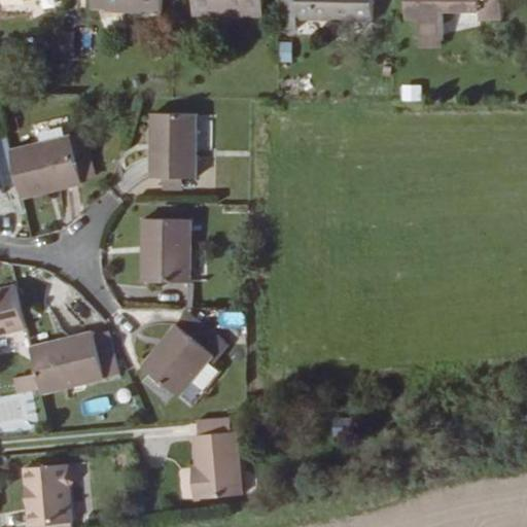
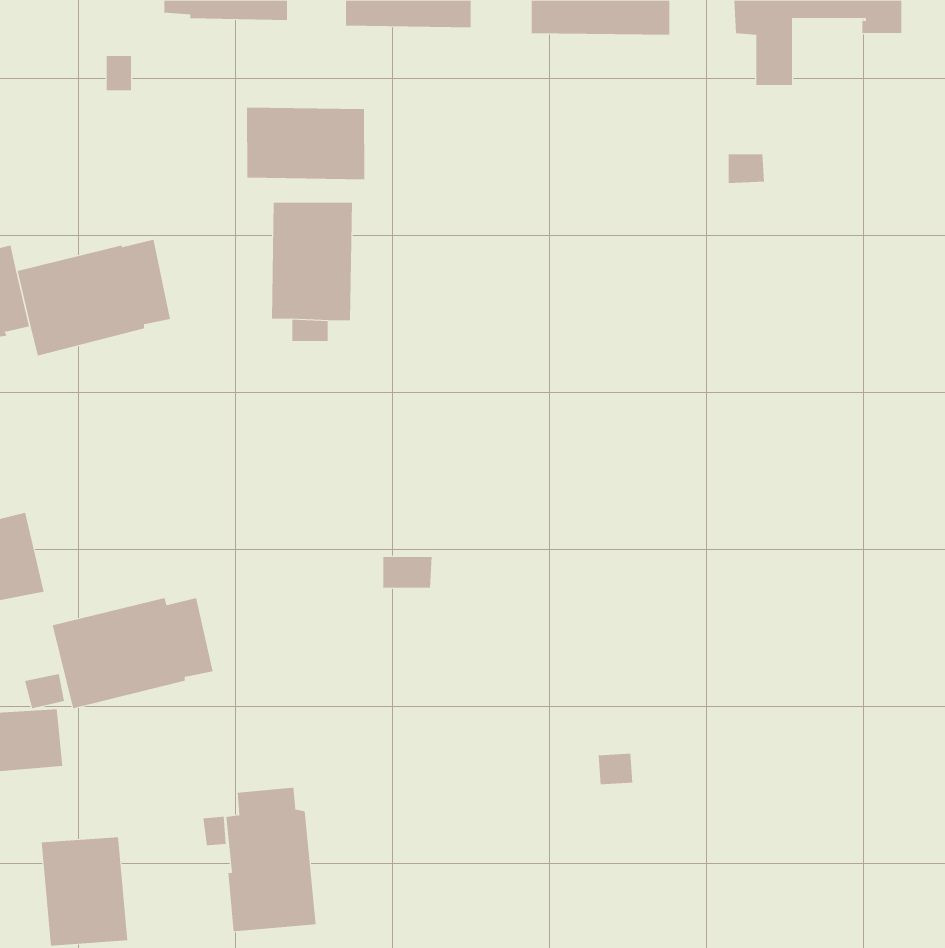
building: none -> [246,107,365,180]
building: [142,218,190,282] -> none
building: [141,308,227,395] -> none
building: [190,418,241,498] -> [226,787,317,932]

